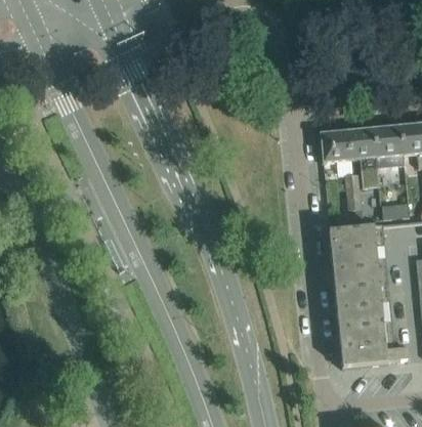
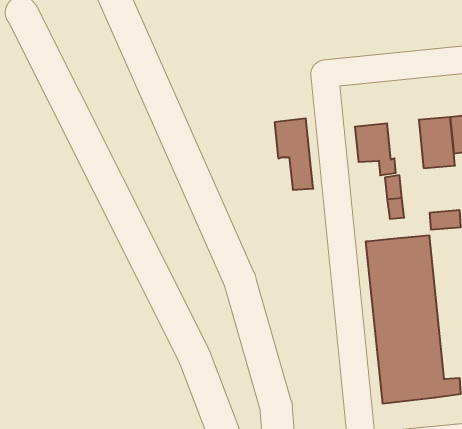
building: [347,126,380,186] -> [275,119,313,190]

